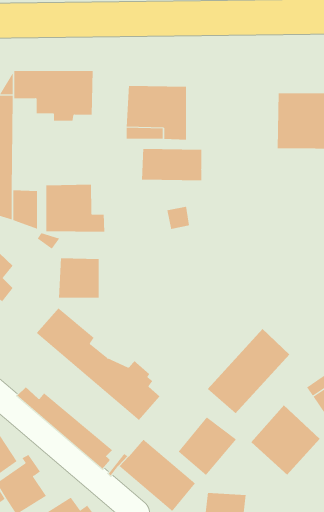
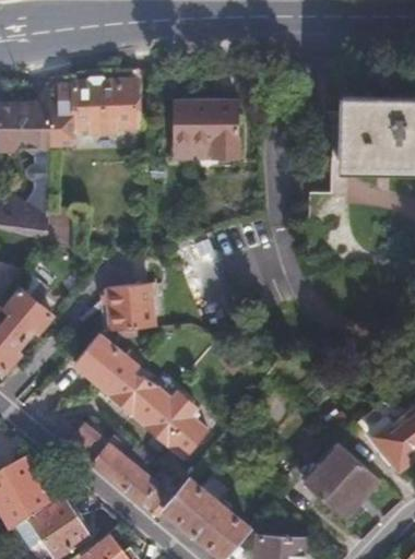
building: [142,148,202,181] -> none
building: [46,184,105,233] -> none
building: [207,328,290,414] -> none
building: [178,417,237,476] -> none

